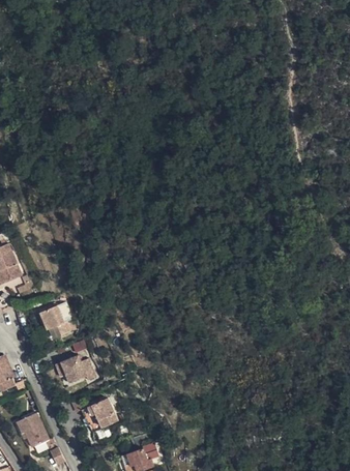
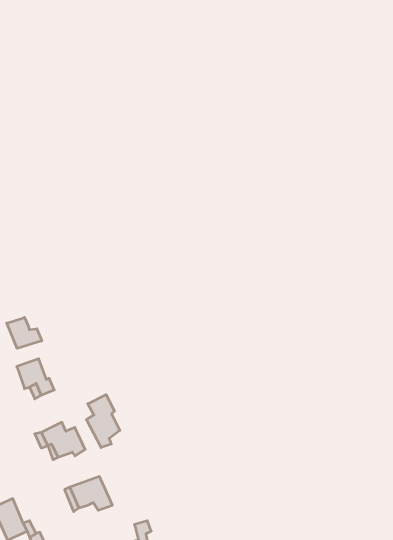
building: none -> [7,317,42,348]
building: none -> [86,395,120,448]

